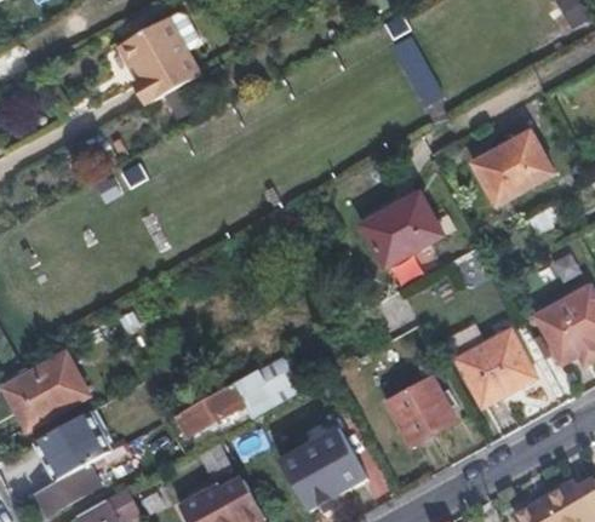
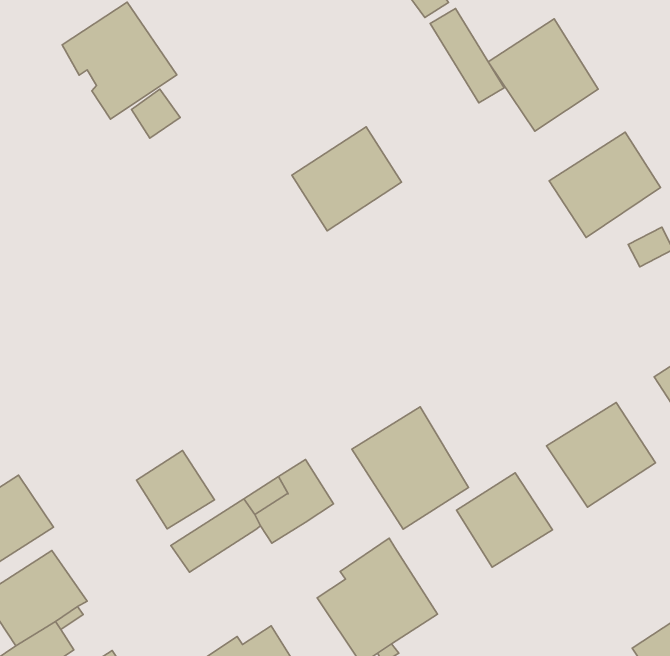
building: none -> [488,19,598,131]
building: [362,196,442,270] -> [292,127,402,231]
building: none -> [352,407,469,529]
building: none -> [137,451,214,529]

